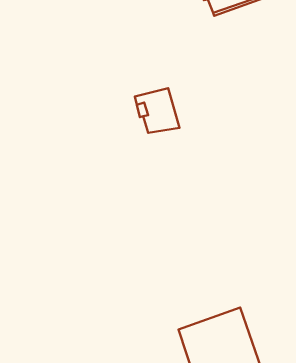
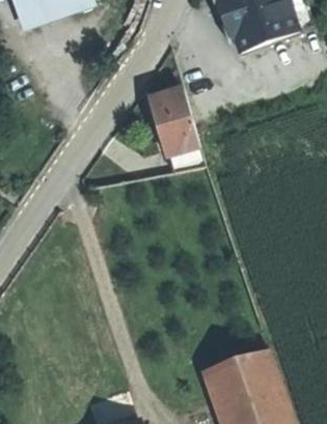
building: none -> [148,90,192,136]

